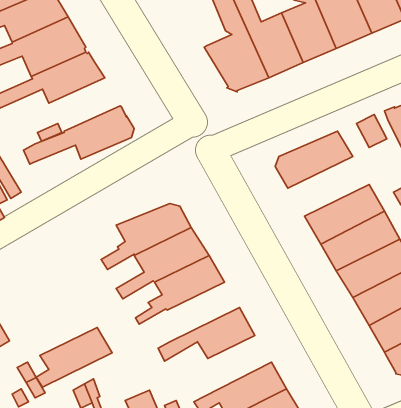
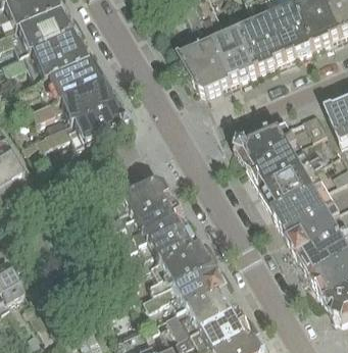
building: none -> [31,79,113,121]
building: none -> [248,142,325,190]
building: [36,328,112,387] -> [148,243,209,291]
building: none -> [160,286,235,335]

